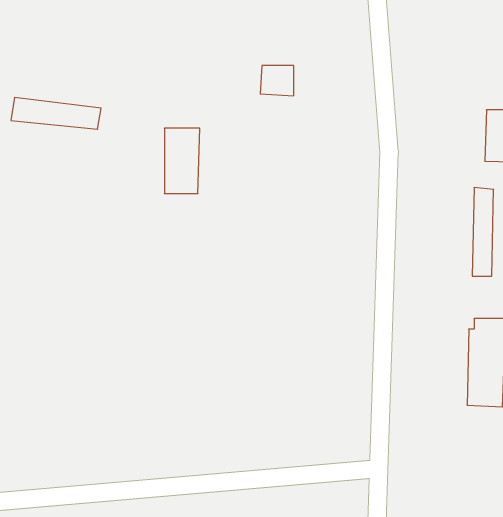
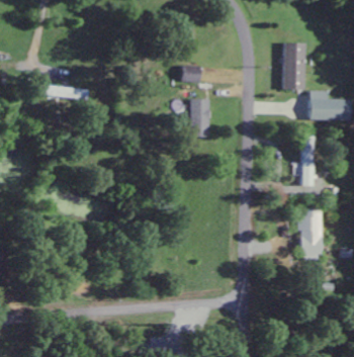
building: none -> [283,41,305,89]
building: [164,128,200,194] -> [190,98,210,136]

